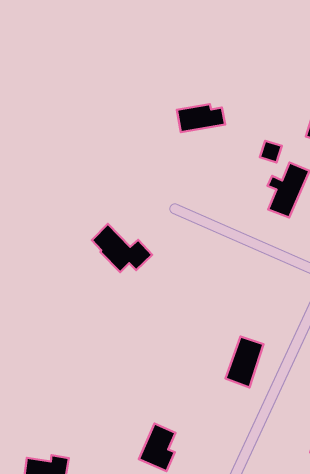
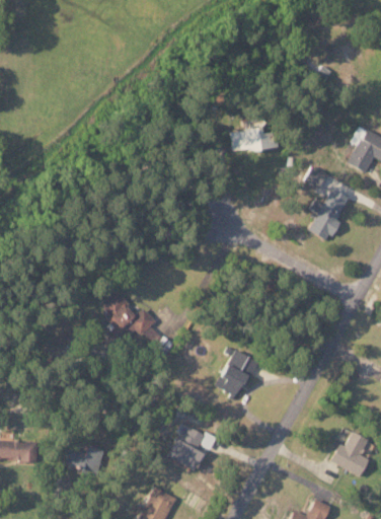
building: [92,224,152,272] -> [101,290,157,337]
building: [225,336,264,387] -> [218,350,256,398]

